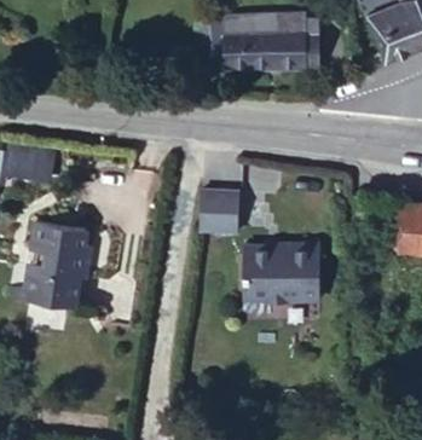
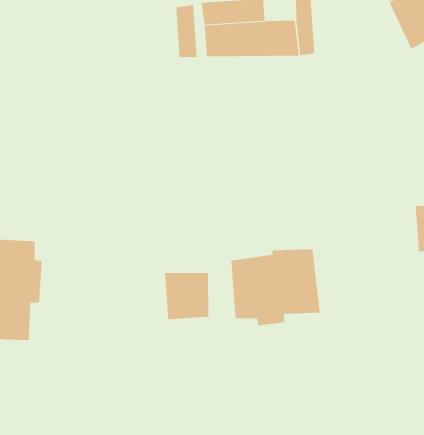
building: [198,190,236,230] -> [164,272,209,320]

